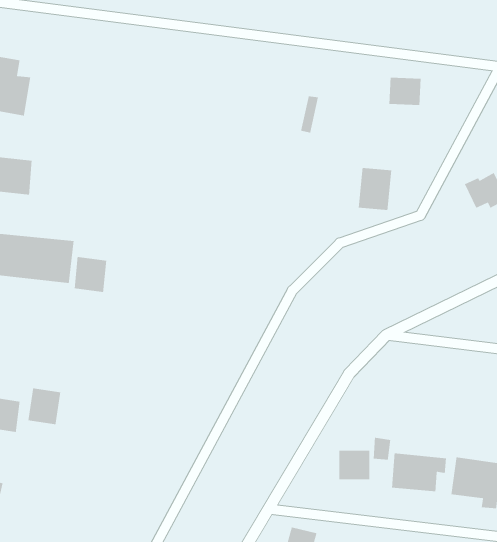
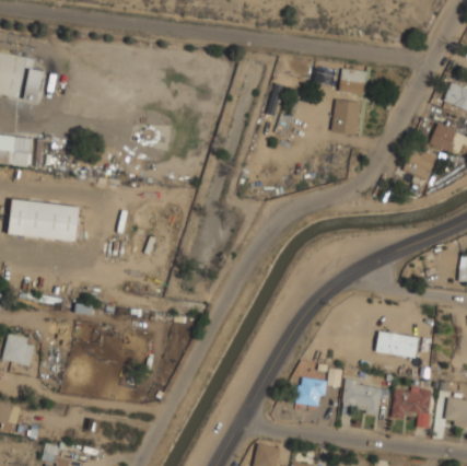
building: [358,167,392,211] -> [332,97,361,133]
building: [74,256,107,293] -> none
building: [27,388,61,425] -> none
building: none -> [376,333,418,357]

